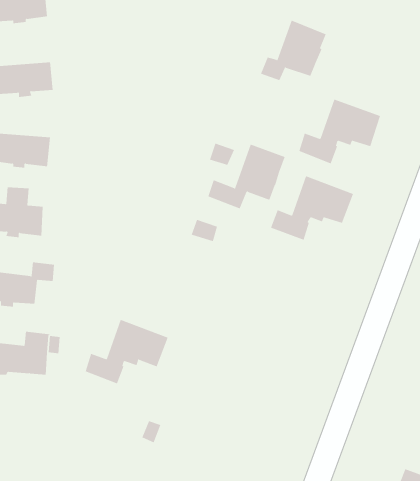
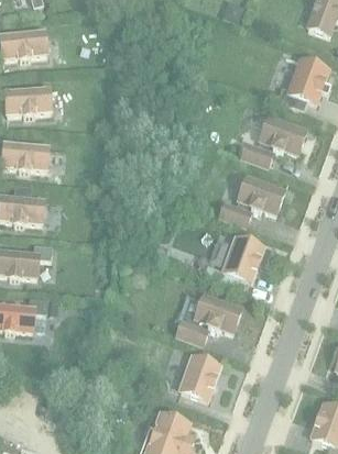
building: [260,20,327,81] -> [276,58,328,106]
building: [208,144,286,209] -> [203,236,263,287]
building: [85,319,168,384] -> [176,295,241,345]
building: none -> [179,355,220,399]

